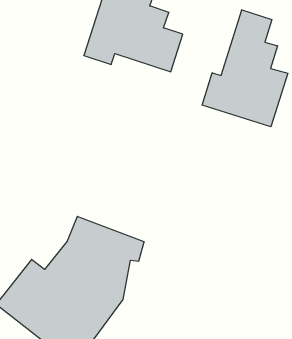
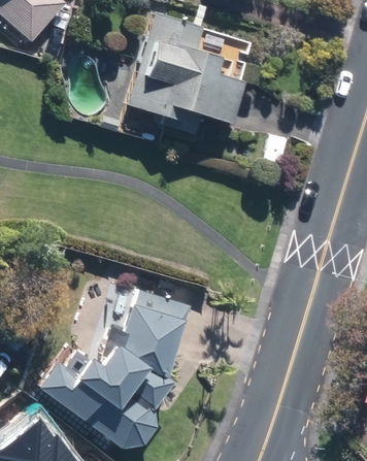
building: [202,10,288,127] -> none

